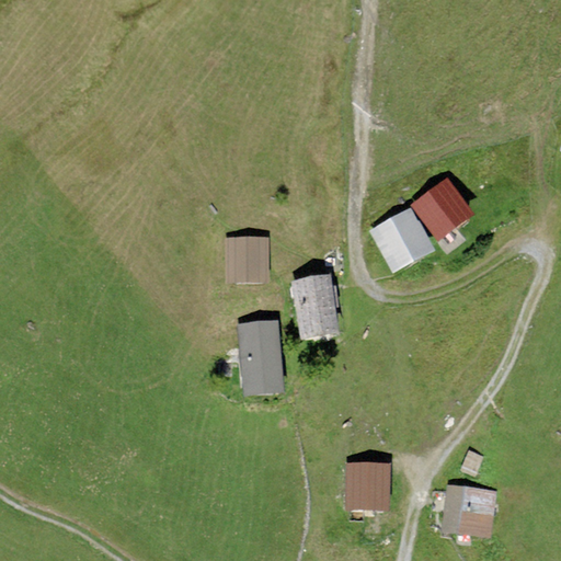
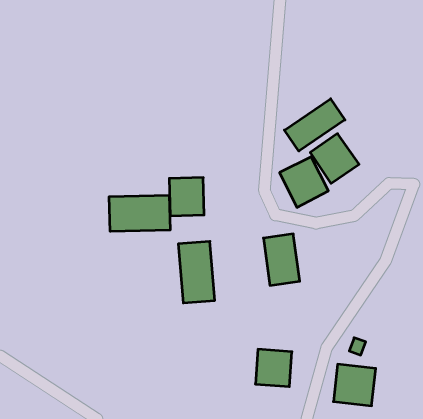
building: none -> [284,99,345,151]
building: none -> [109,195,170,231]
building: [293,275,341,343] -> [263,234,300,285]

